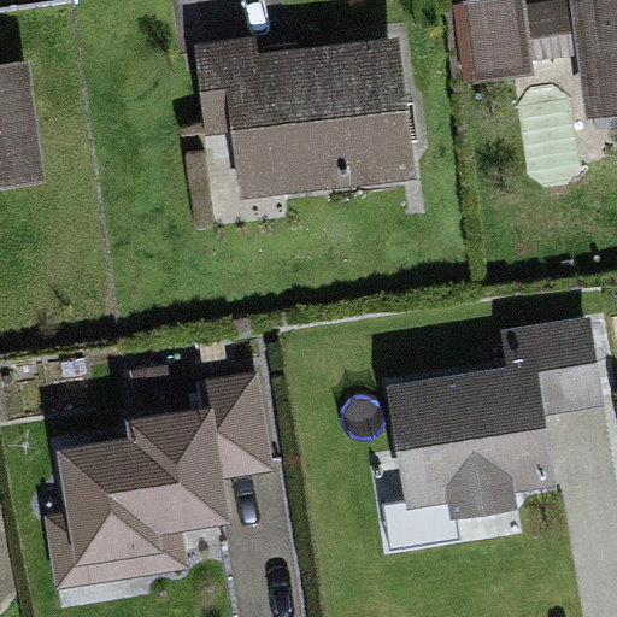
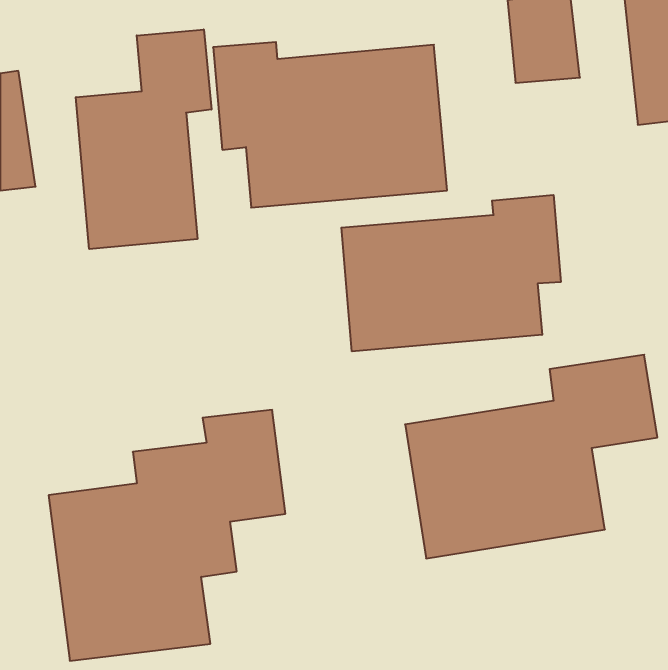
building: none -> [76,29,211,249]
building: none -> [341,195,561,351]

